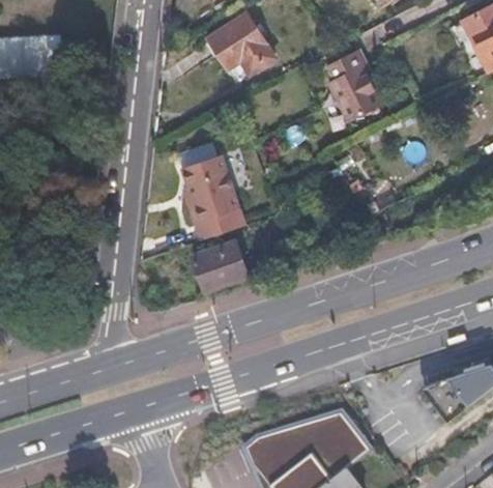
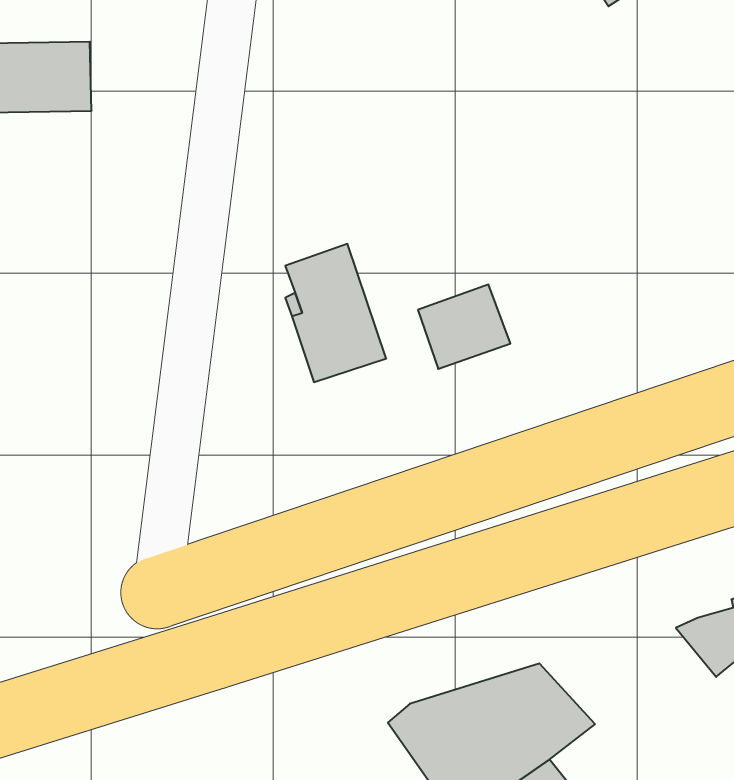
building: [206,10,278,75] -> none
building: [327,51,382,122] -> none
building: [192,239,249,291] -> [418,285,510,369]

